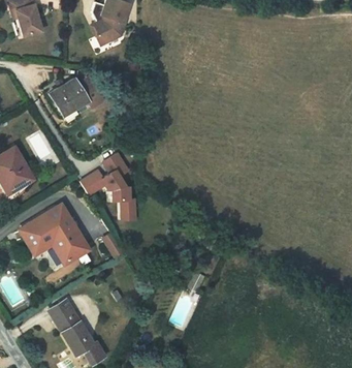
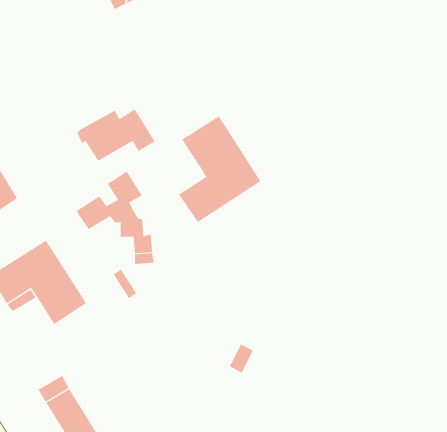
building: [42,75,99,114] -> [76,108,155,162]
building: none -> [178,116,261,223]

